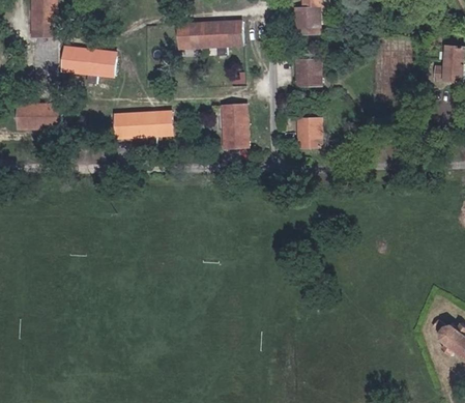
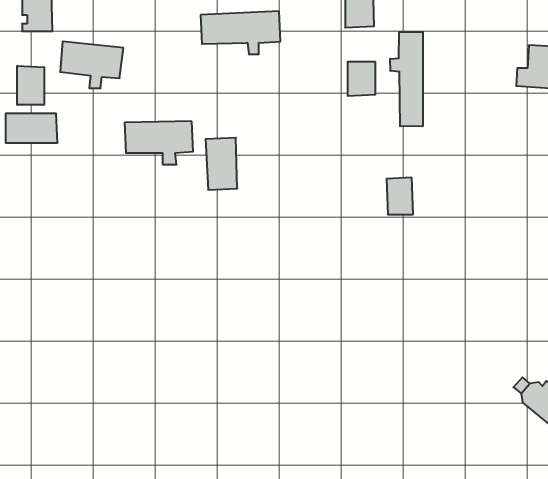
building: none -> [390,32,423,126]
building: none -> [17,66,44,105]
building: [222,105,248,147] -> [206,138,237,190]
building: [299,119,321,149] -> [386,178,413,214]

